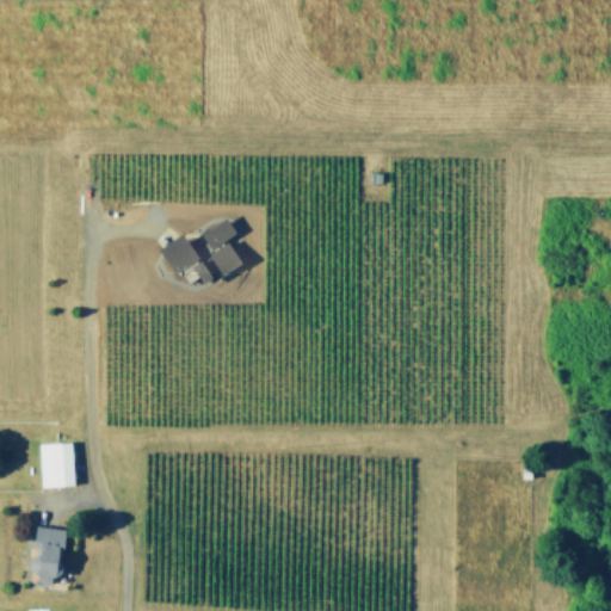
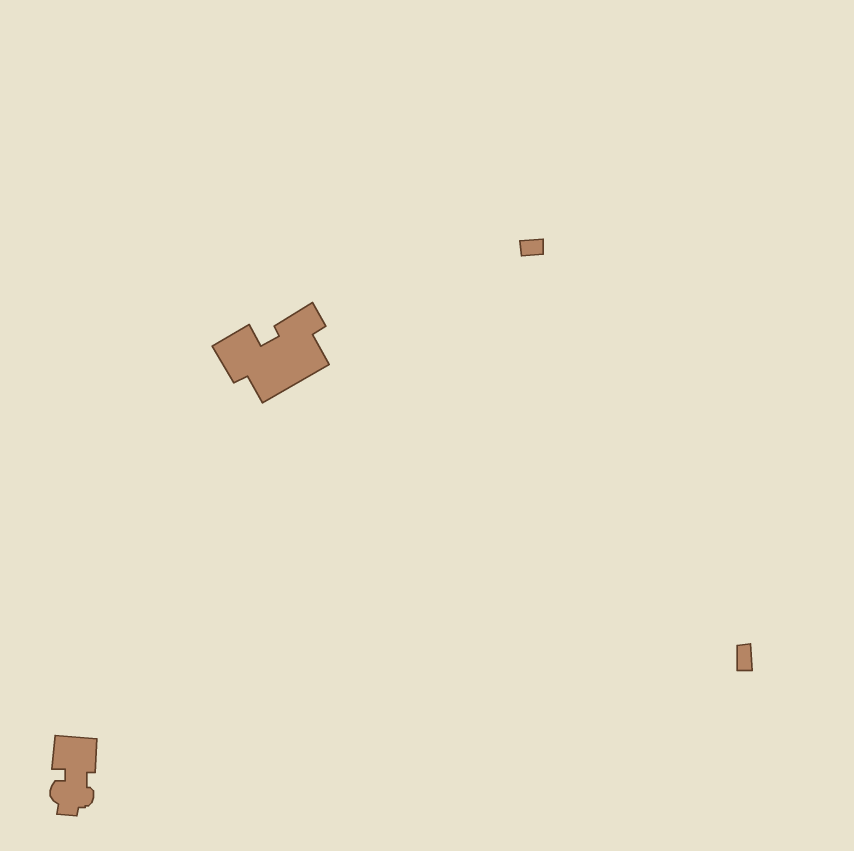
building: [42,443,79,489] -> none

